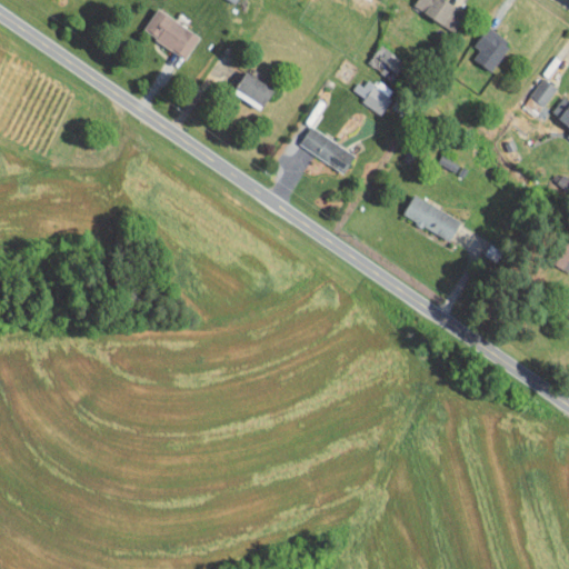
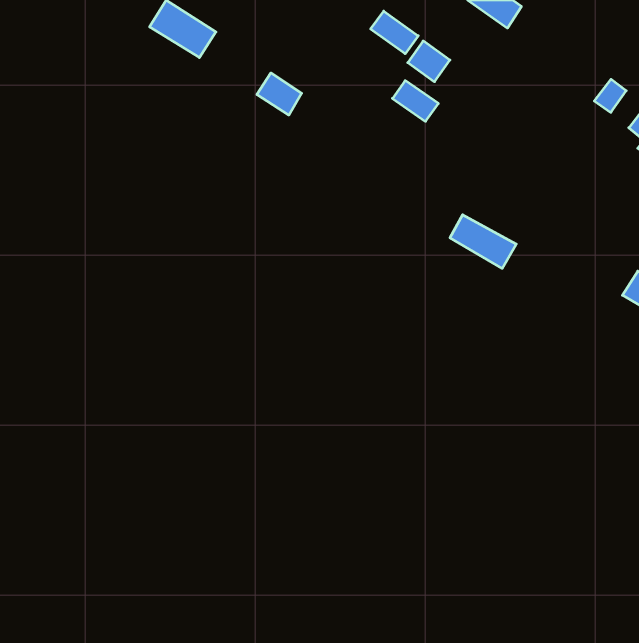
building: none -> [371,11,418,54]
building: [473,29,509,71] -> none
building: [299,127,355,174] -> none

